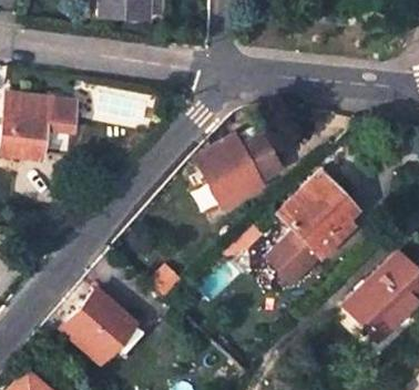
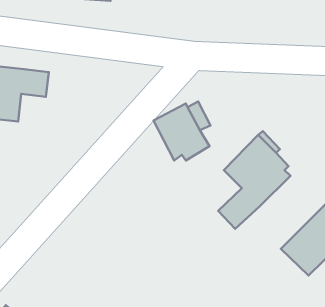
building: [63,289,146,360] -> none

